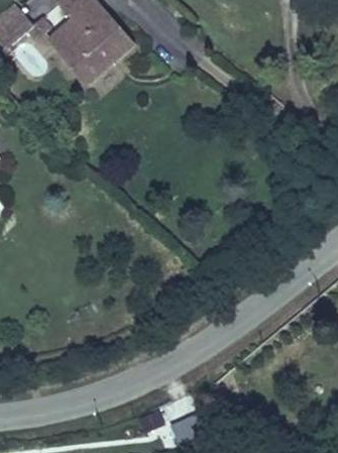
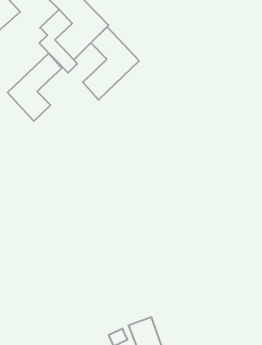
building: none -> [83,27,139,100]
building: none -> [8,53,62,121]

